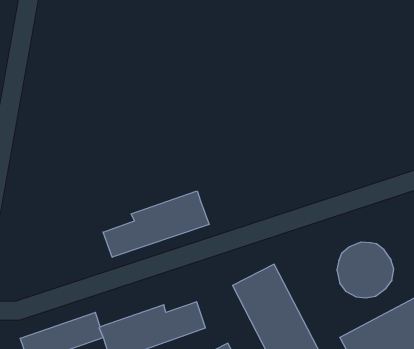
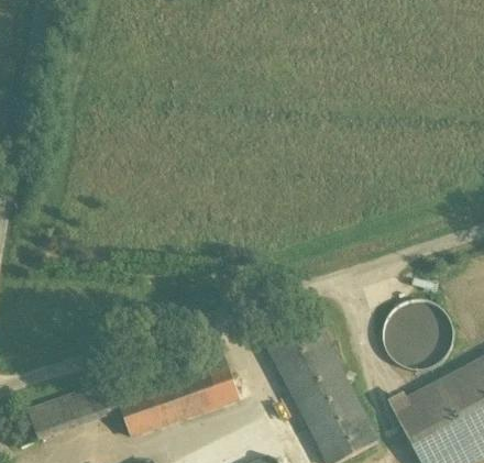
building: [103,191,209,257] -> none

